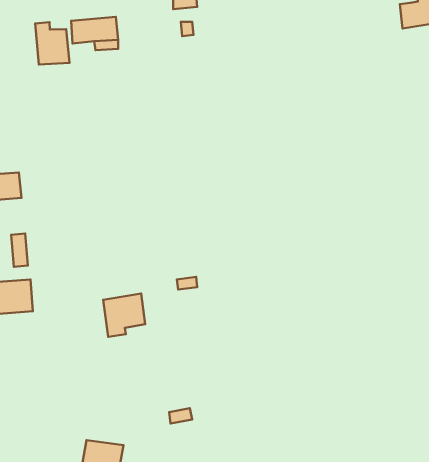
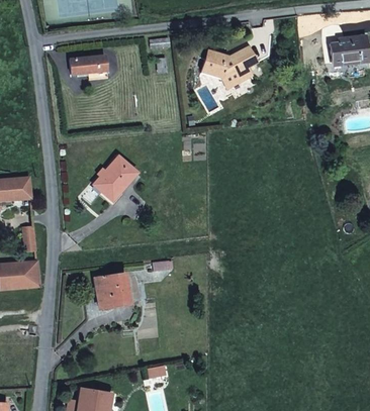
building: none -> [202,46,257,87]
building: [35,22,69,65] -> none
building: none -> [94,156,137,200]

